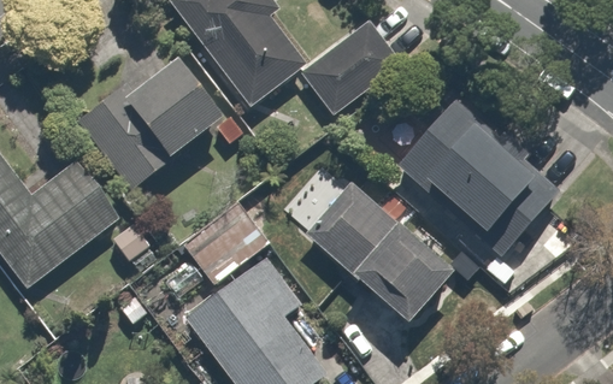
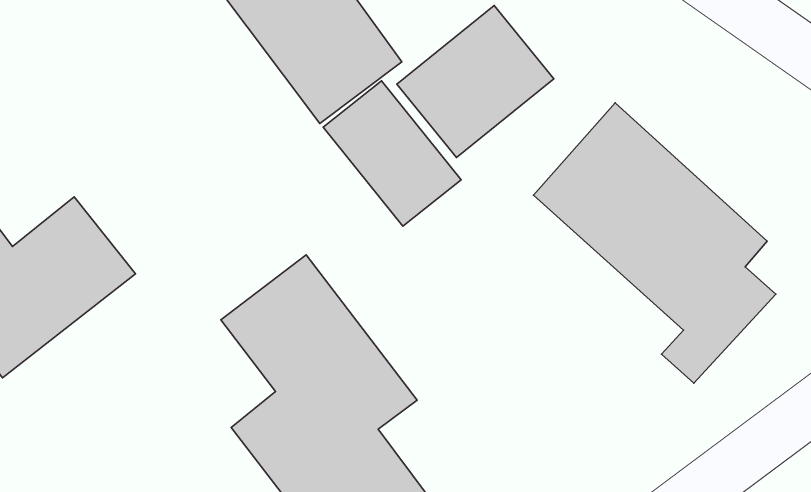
building: [73,41,231,195] -> none
building: none -> [323,81,461,226]
building: [301,187,447,325] -> none

